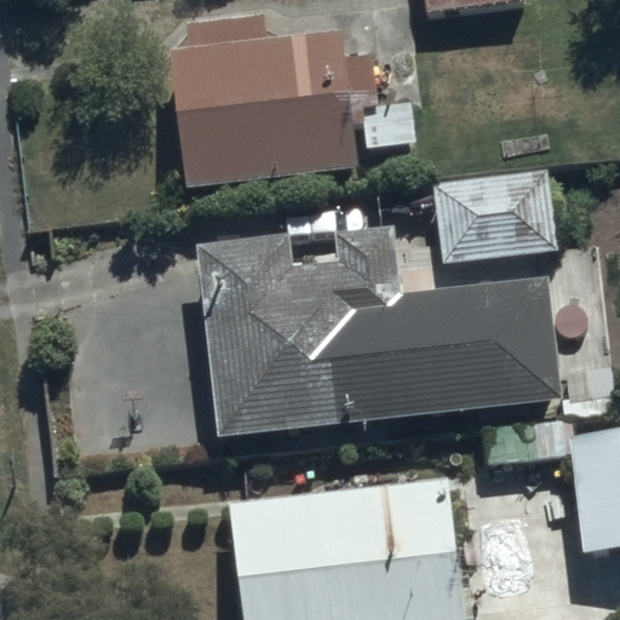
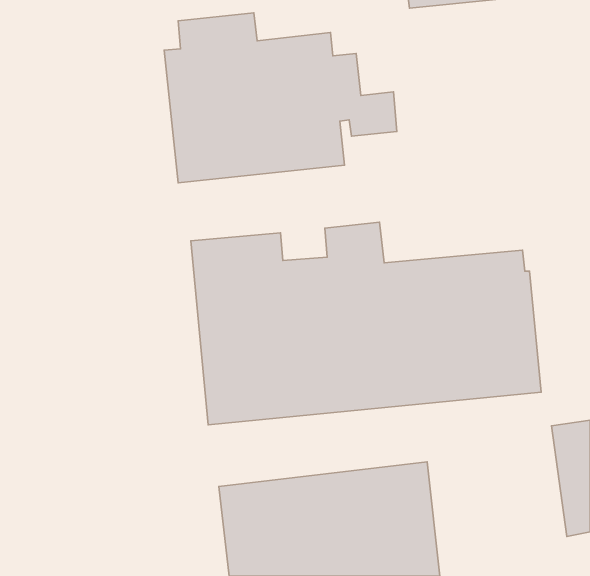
building: [430,170,556,263] -> none

